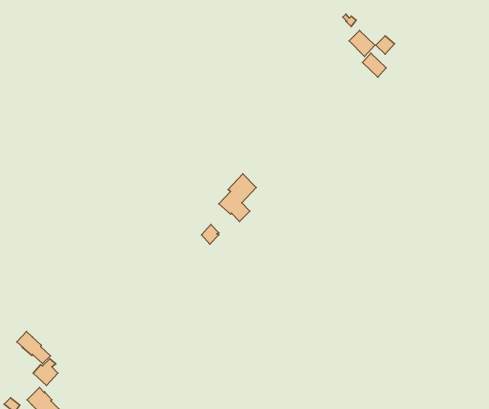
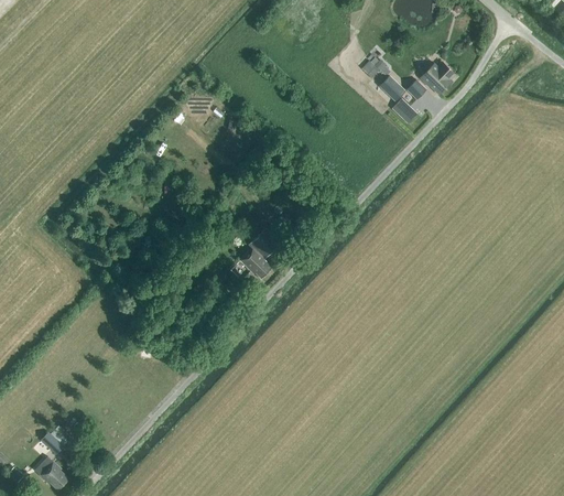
building: none -> [421,63,456,95]
building: [17,331,51,364] -> none

